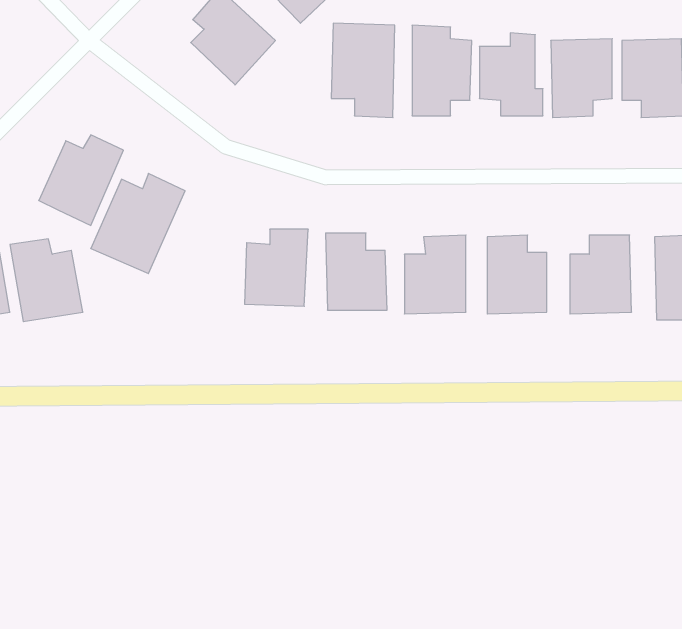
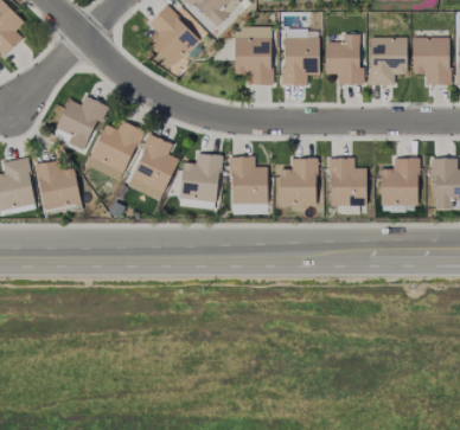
building: none -> [127,134,179,200]

